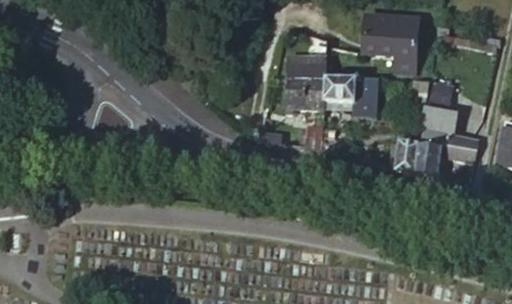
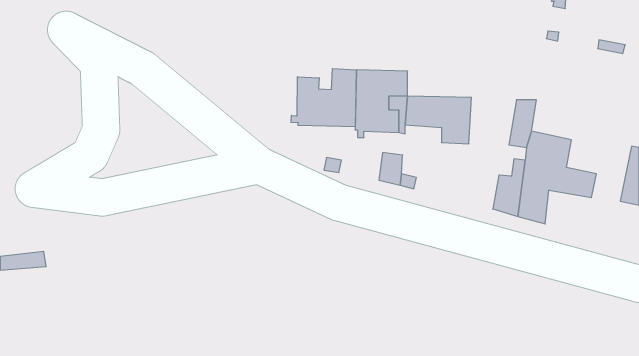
building: [362,12,421,69] -> none
building: none -> [291,69,356,127]

